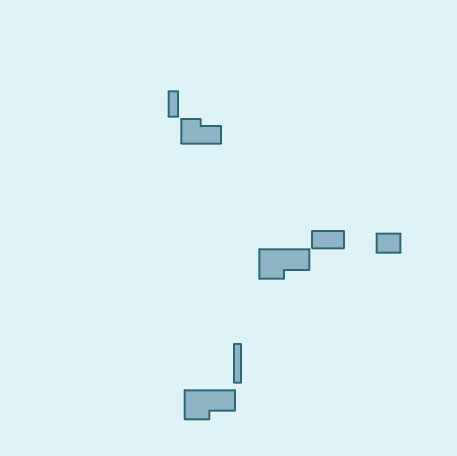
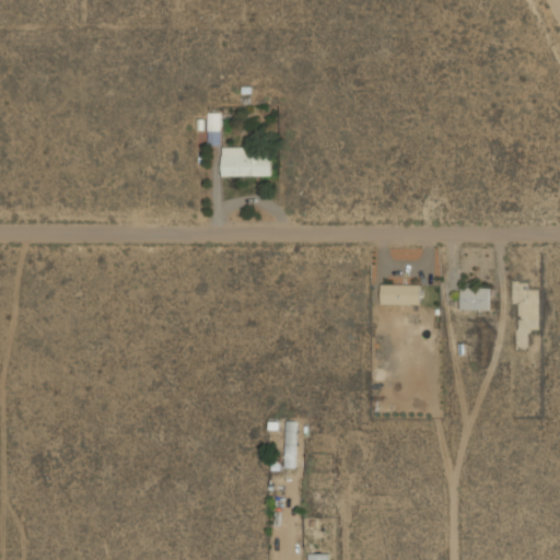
building: [259,249,309,279] -> none
building: [185,390,235,419] -> none

